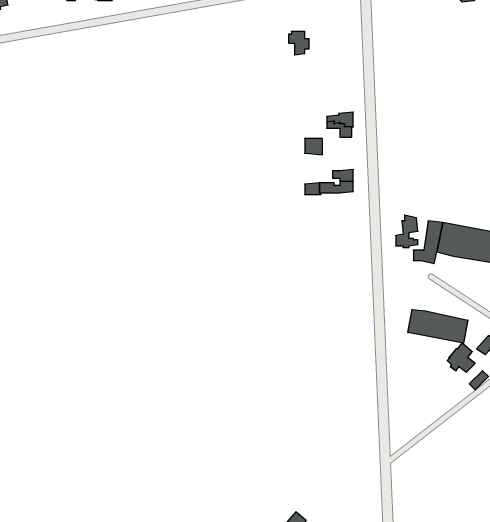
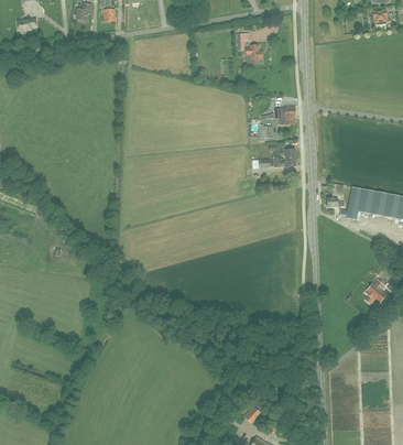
building: [408,309,468,343] -> none

